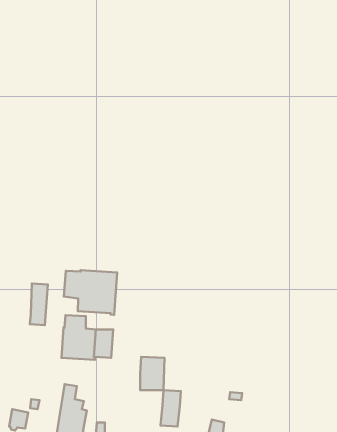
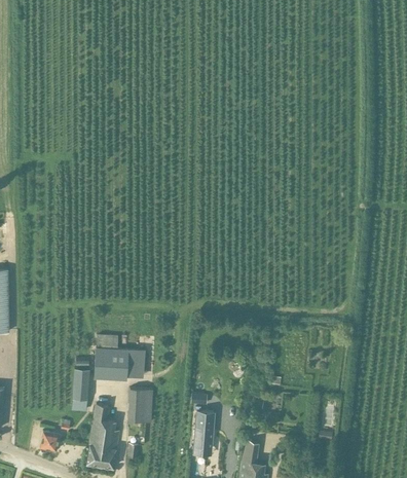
building: [64,270,117,315] -> none
building: [30,284,48,325] -> [71,368,89,410]
building: [140,357,165,390] -> [127,389,152,422]

